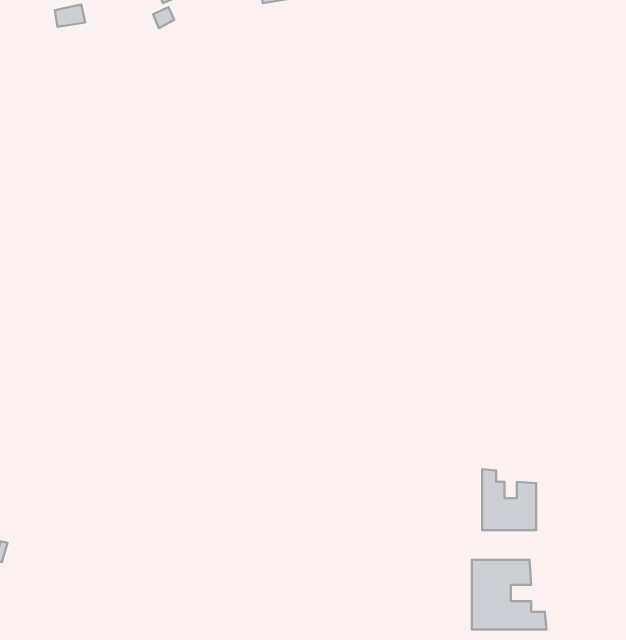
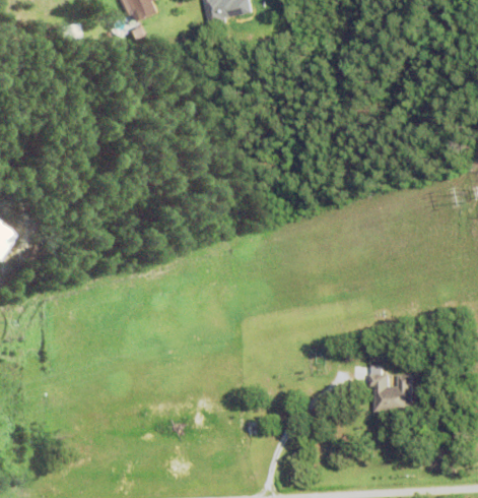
building: [472,560,546,630] -> none

